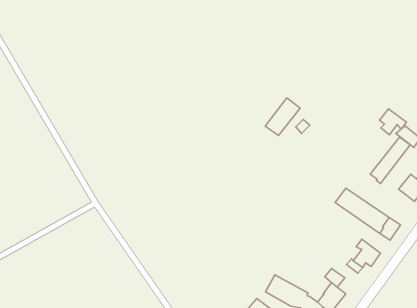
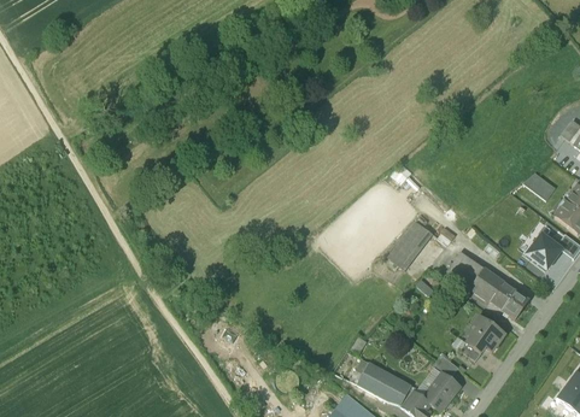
building: [265,98,300,136] -> [387,222,432,270]
building: [379,109,406,135] -> none
building: [370,137,410,184] -> none

